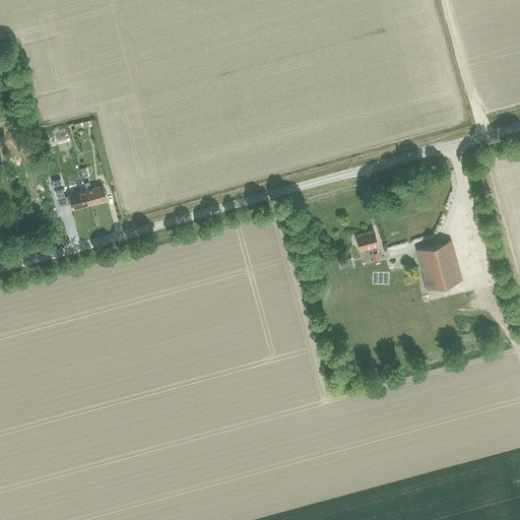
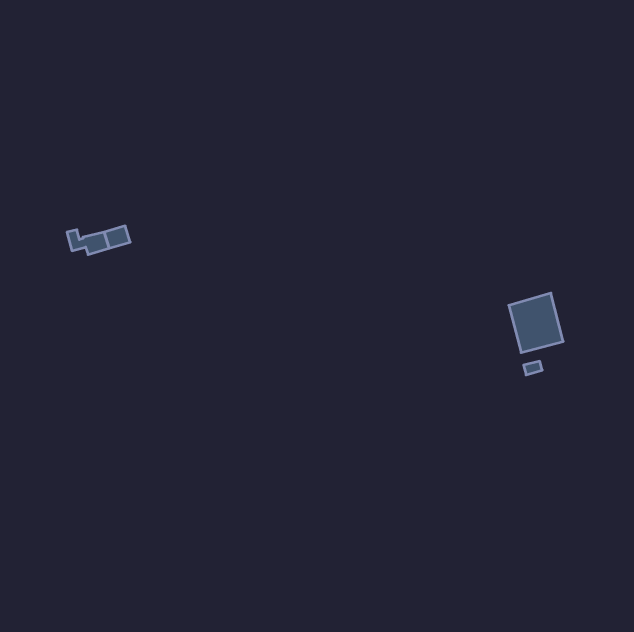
building: [355,232,381,264] -> none

